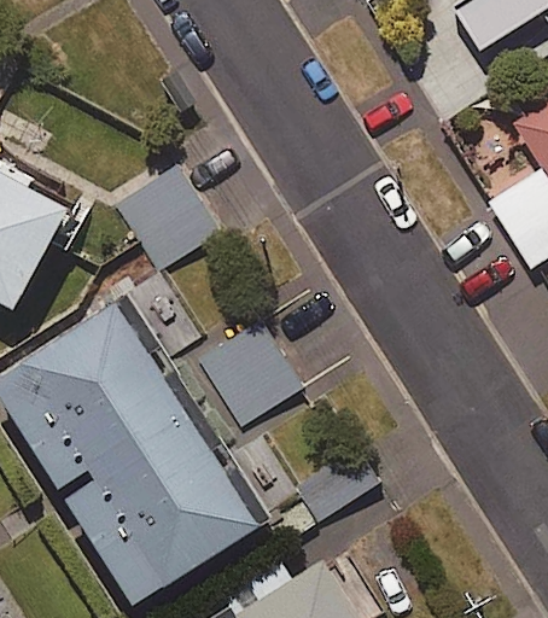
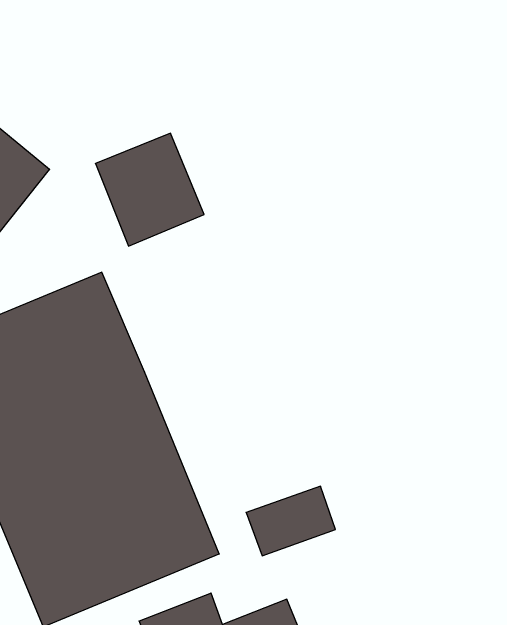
building: [202,317,296,419] -> none

